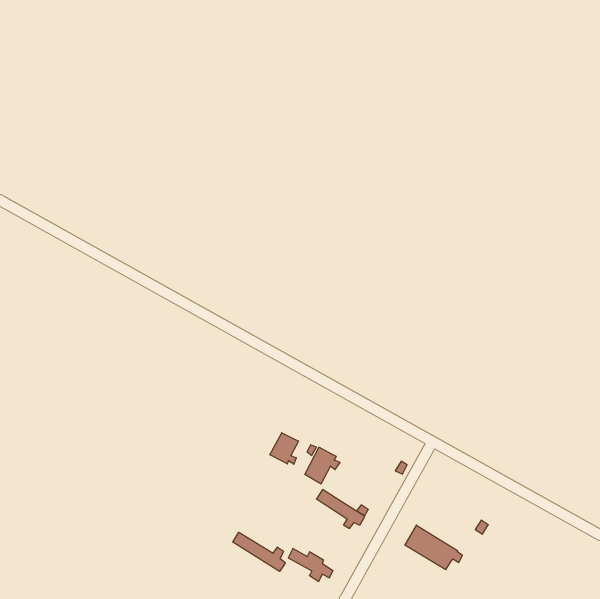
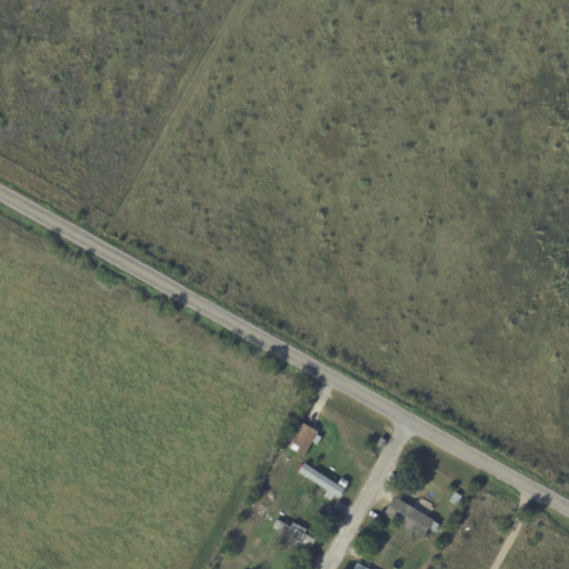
building: [270,433,299,464] -> none
building: [233,532,285,571] -> none

